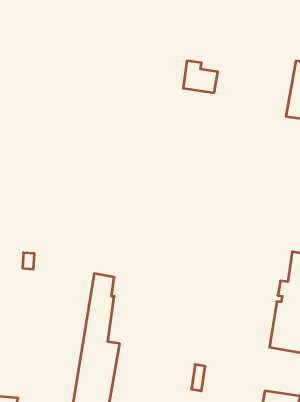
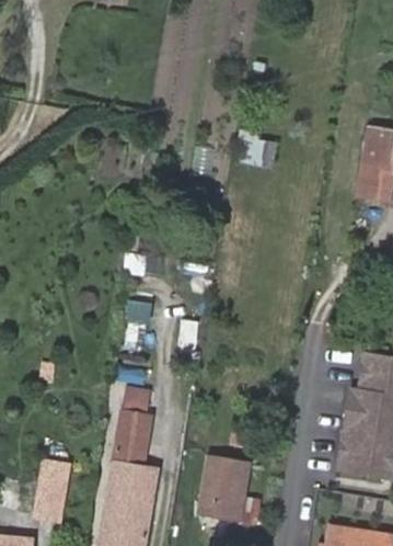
building: none -> [197,453,251,521]
building: none -> [36,459,68,519]

